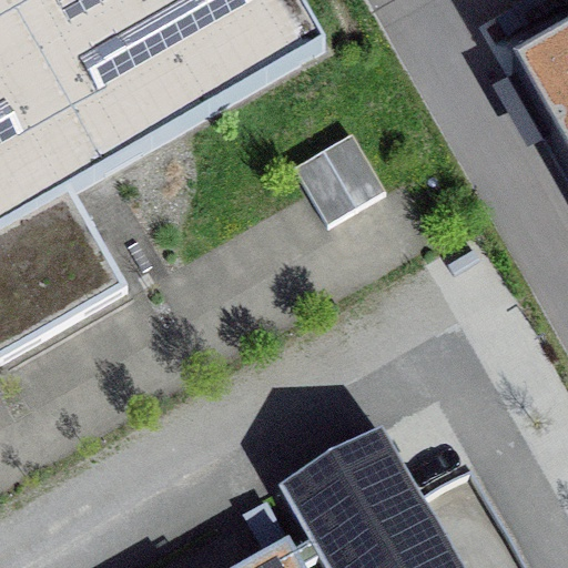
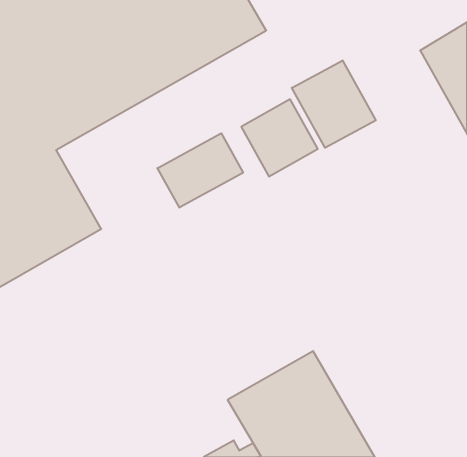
building: none -> [292,60,376,148]
building: none -> [157,133,243,208]

